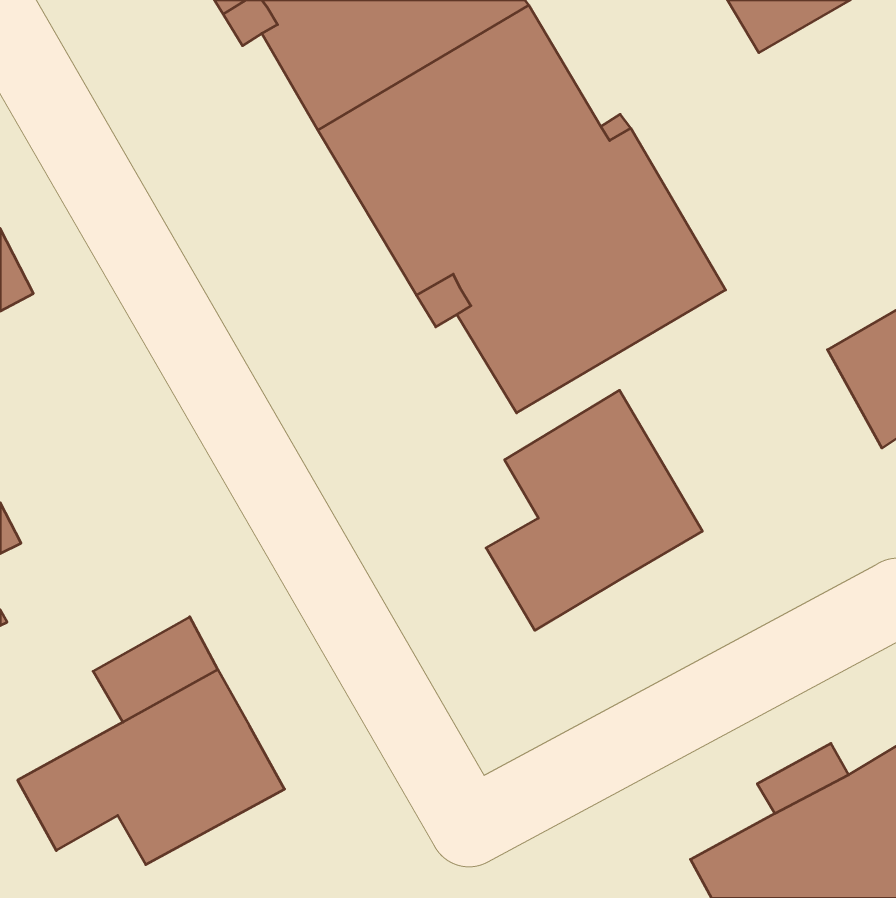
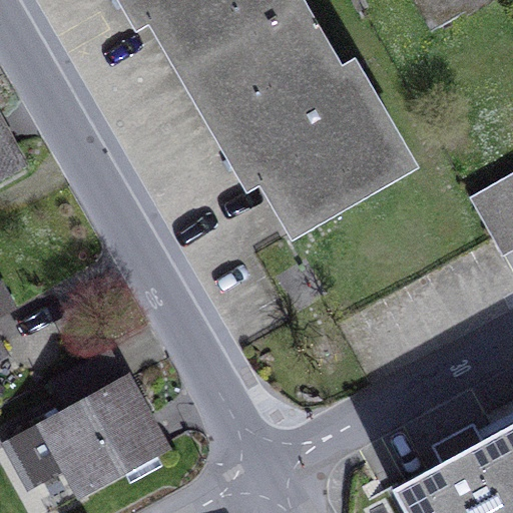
building: [486,390,702,630] -> none

